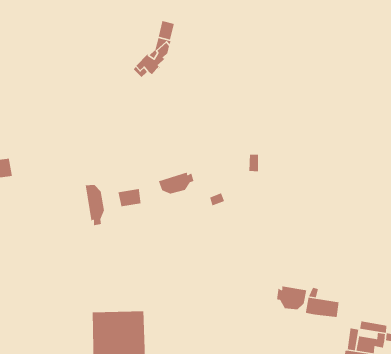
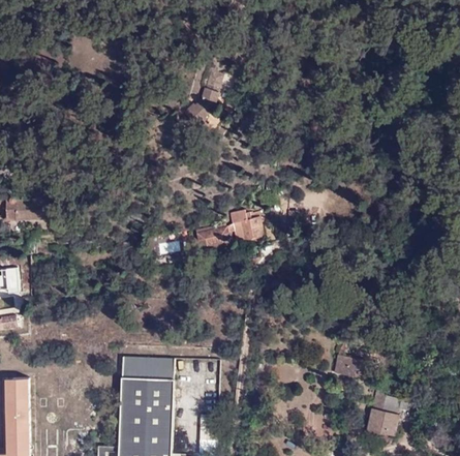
building: none -> [229,211,264,243]
building: [85,184,105,226] -> none
building: [276,286,307,310] -> none

